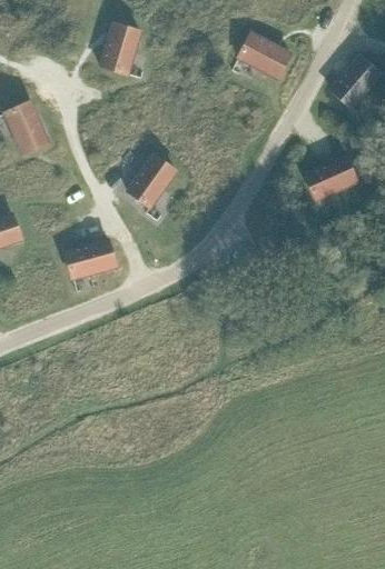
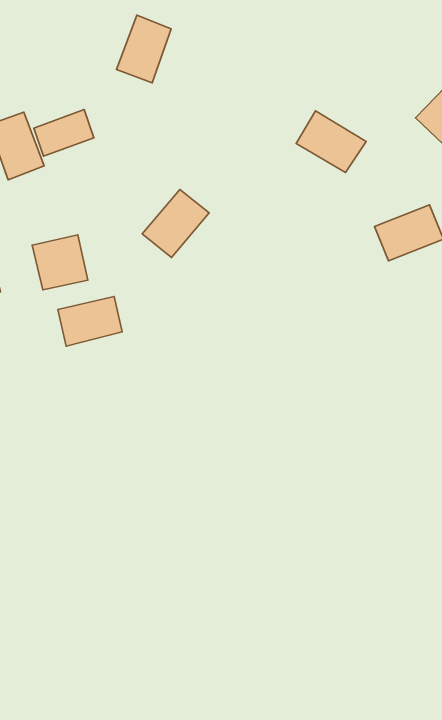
building: [238,33,292,79] -> [296,111,366,172]
building: none -> [34,110,94,156]
building: none -> [32,235,88,290]

